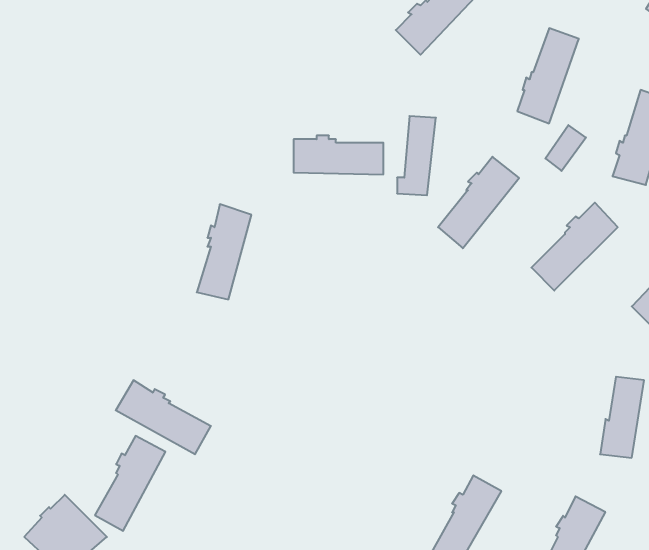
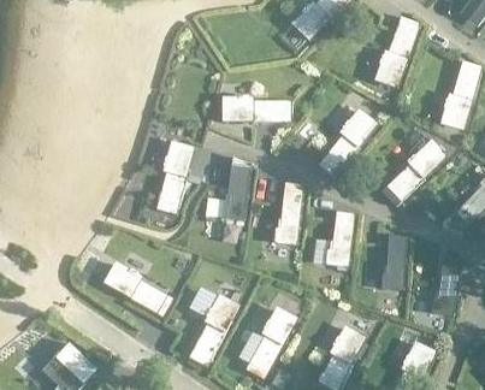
building: [397,116,436,195] -> [274,183,301,237]
building: none -> [221,164,249,219]
building: none -> [326,209,355,266]
building: none -> [382,235,407,289]
building: [95,436,165,531] -> [189,296,237,361]
building: none -> [247,308,295,373]

